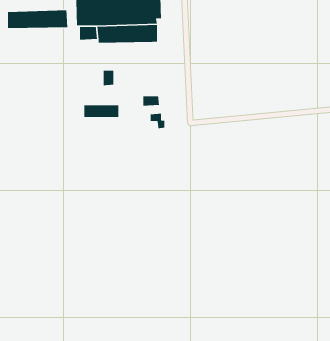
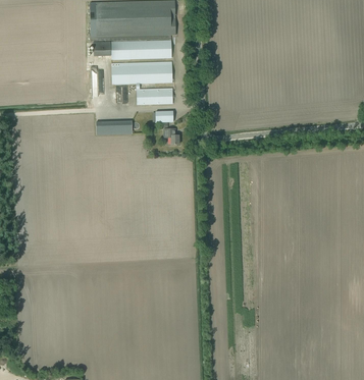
building: [7,10,68,29] -> [111,64,172,84]
building: none -> [137,88,172,104]

